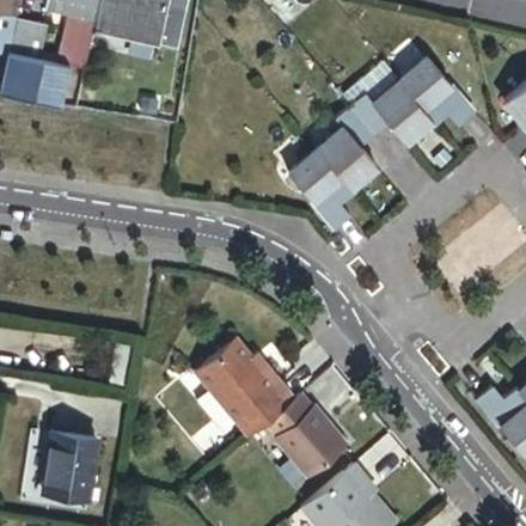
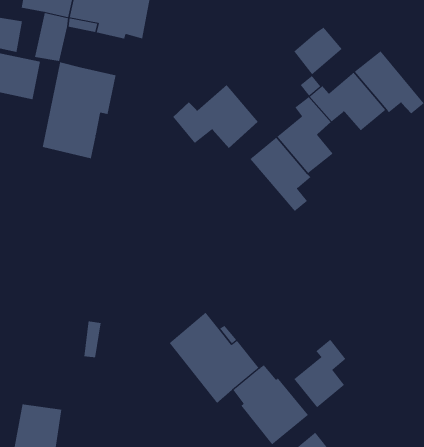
building: none -> [293,27,343,75]
building: none -> [42,62,116,159]
building: none -> [172,84,259,149]
building: none -> [293,339,346,408]

